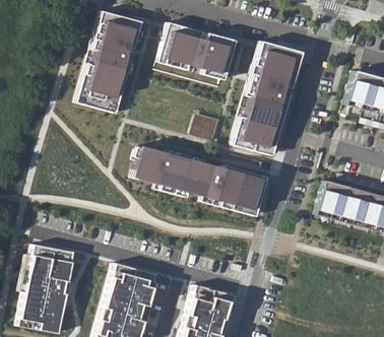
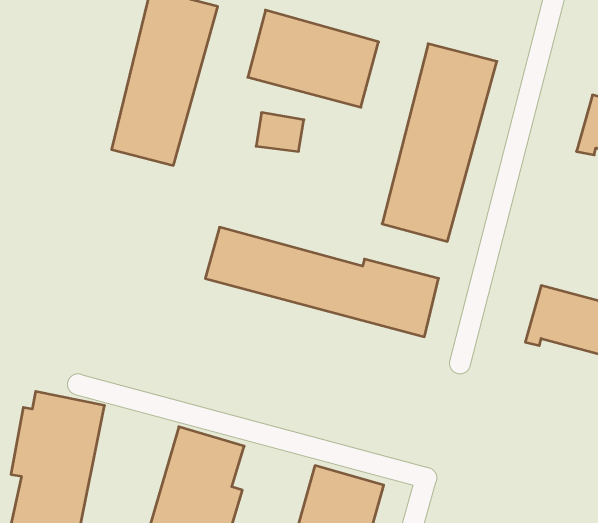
building: [194,114,221,136] -> [256,113,304,151]

